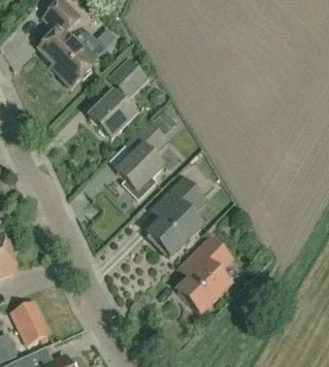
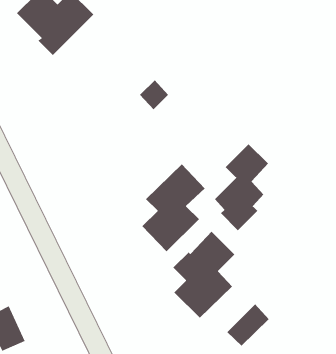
building: [89,59,147,138] -> none
building: [118,123,165,199] -> [214,143,269,231]
building: none -> [227,304,270,346]

